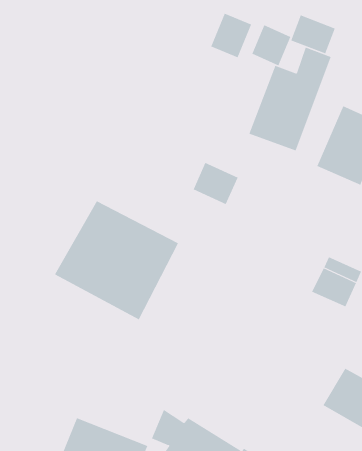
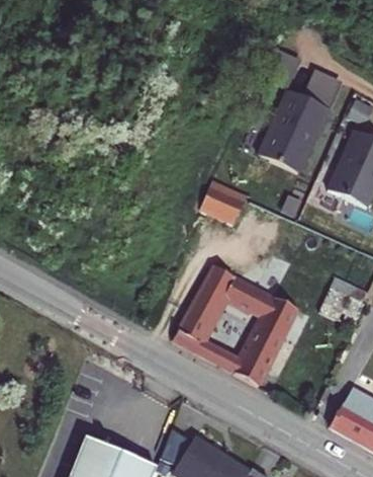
building: [210,13,252,58] -> none
building: [290,15,335,54] -> none
building: [54,201,179,320] -> [173,265,297,385]

